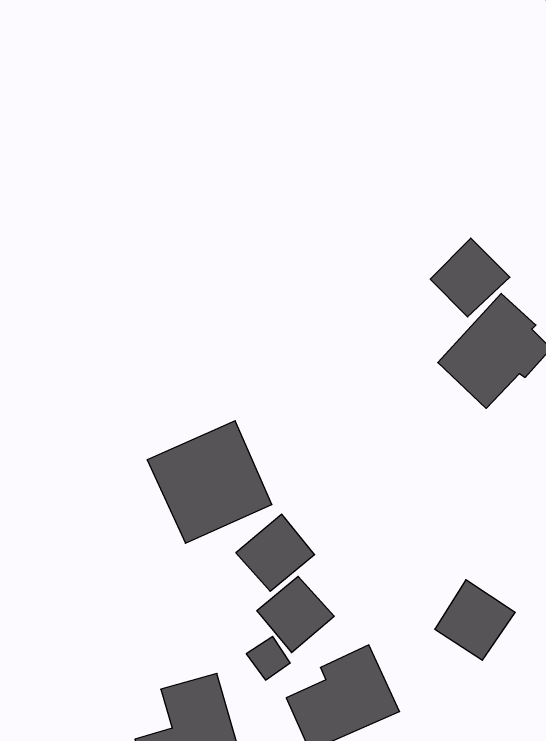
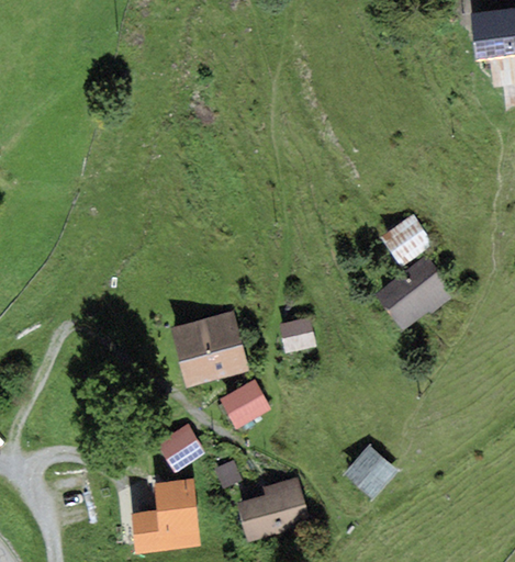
building: none -> [279,316,316,352]
building: [257,576,334,653] -> [156,423,208,473]

